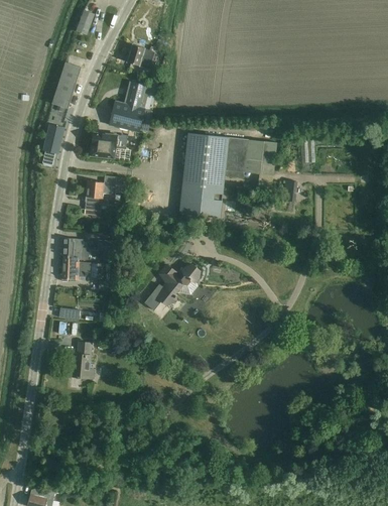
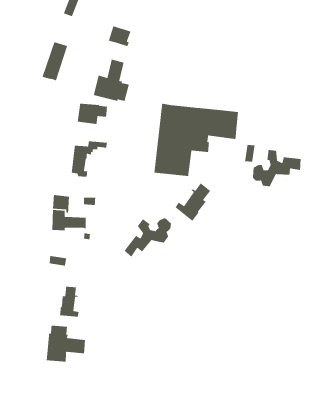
building: [42,123,66,167] -> none
building: none -> [252,149,301,187]
building: none -> [174,182,211,222]
building: none -> [46,325,86,363]

